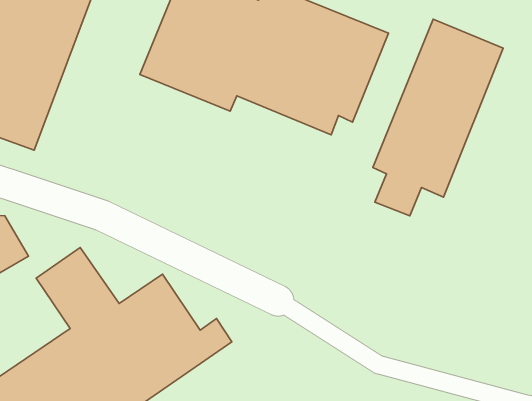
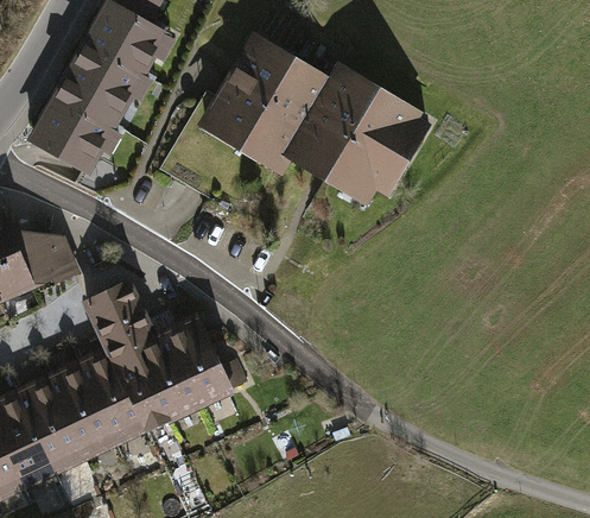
building: [373,19,503,216] -> none

